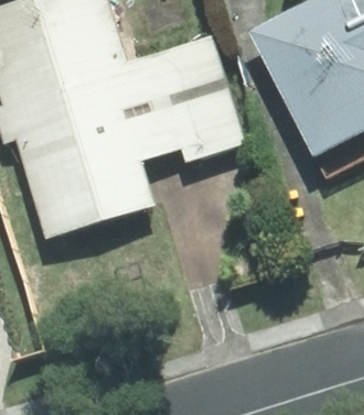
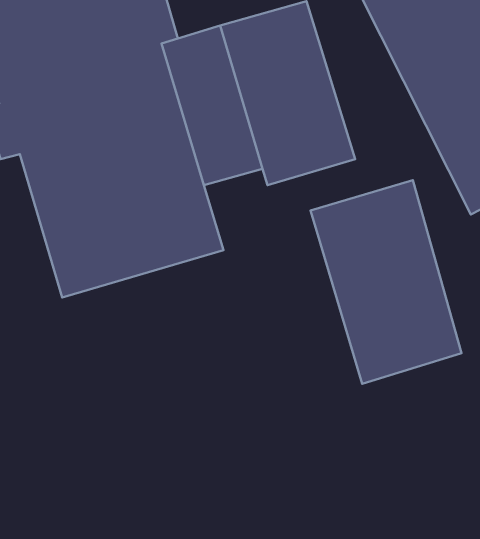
building: none -> [311,180,462,384]

